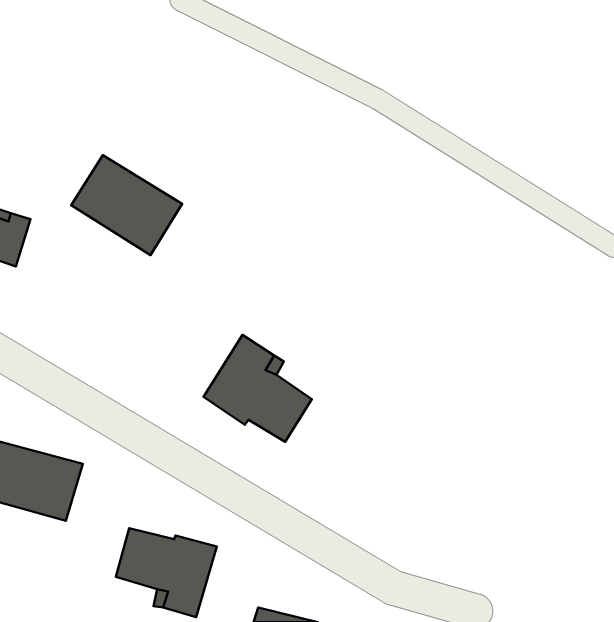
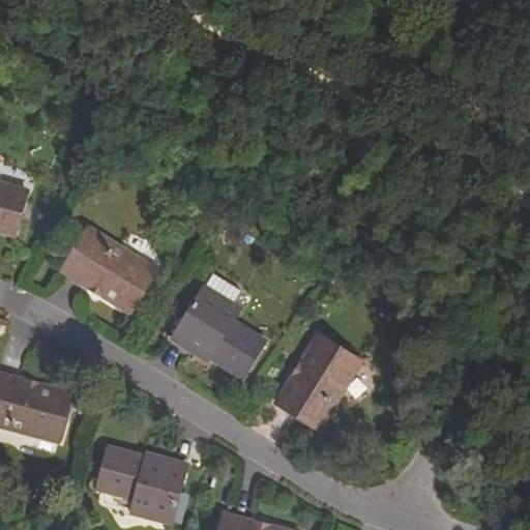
building: [71,155,182,255] -> [62,225,156,310]
building: none -> [274,335,358,430]

